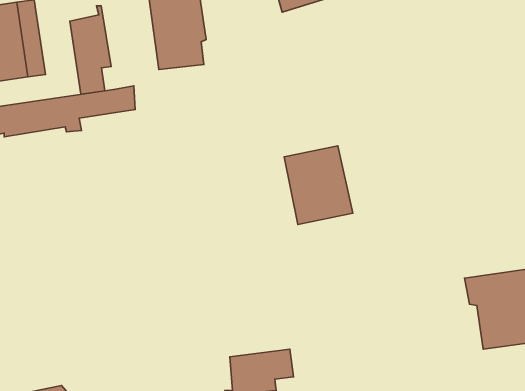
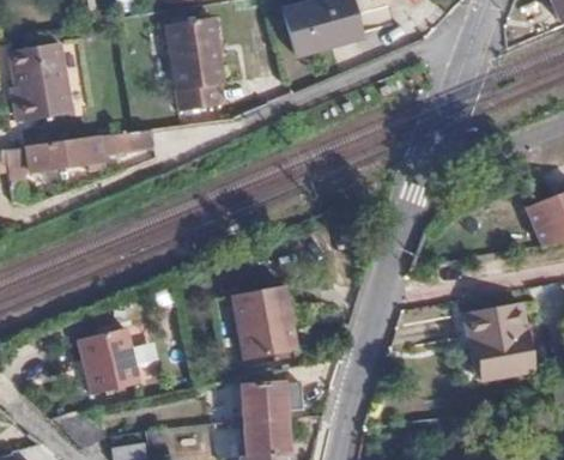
building: [70,6,111,94] -> none
building: [284,146,353,224] -> [236,285,302,361]
building: none -> [83,329,144,397]

